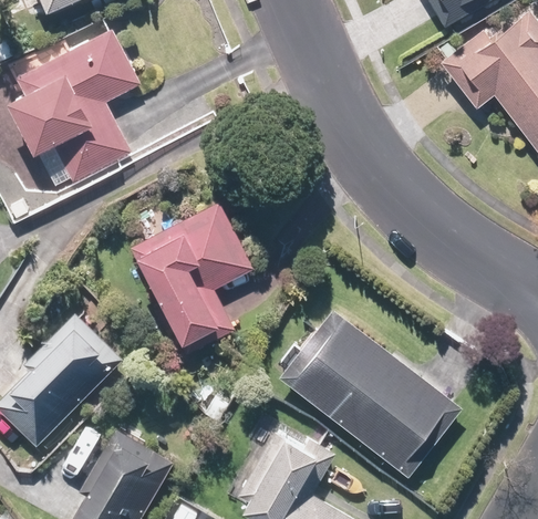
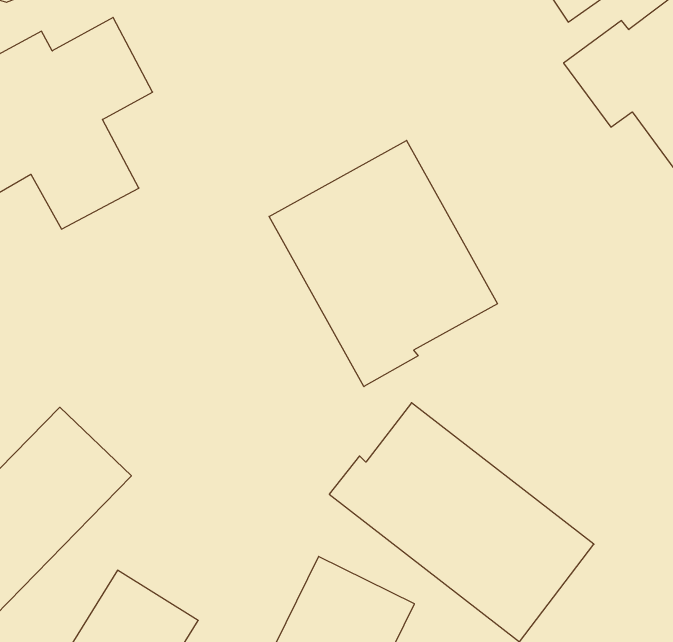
building: none -> [269,140,497,387]
building: [131,201,256,342] -> none

